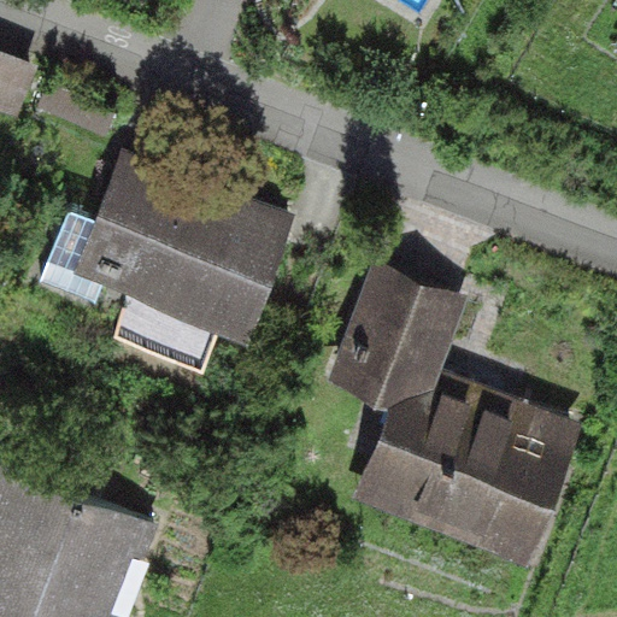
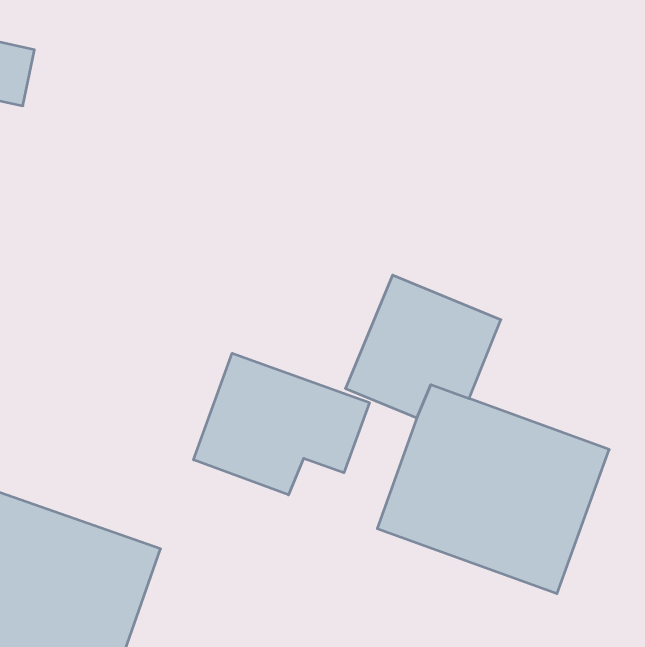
building: [76,149,294,343] -> none
building: none -> [194,353,369,495]

